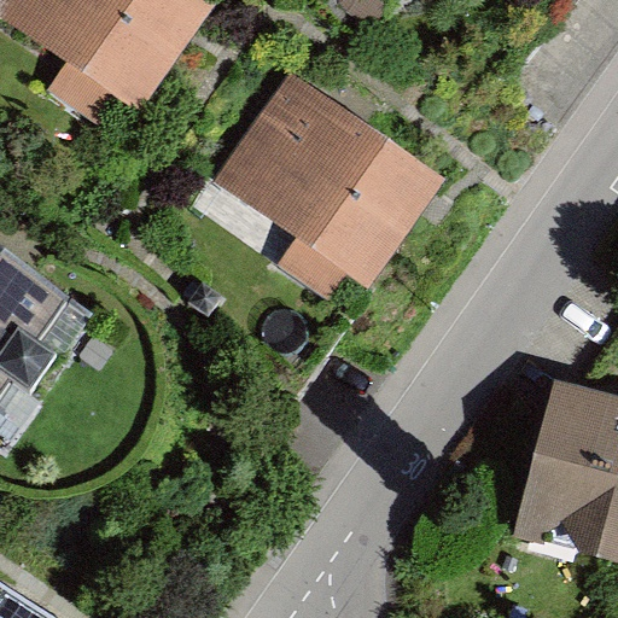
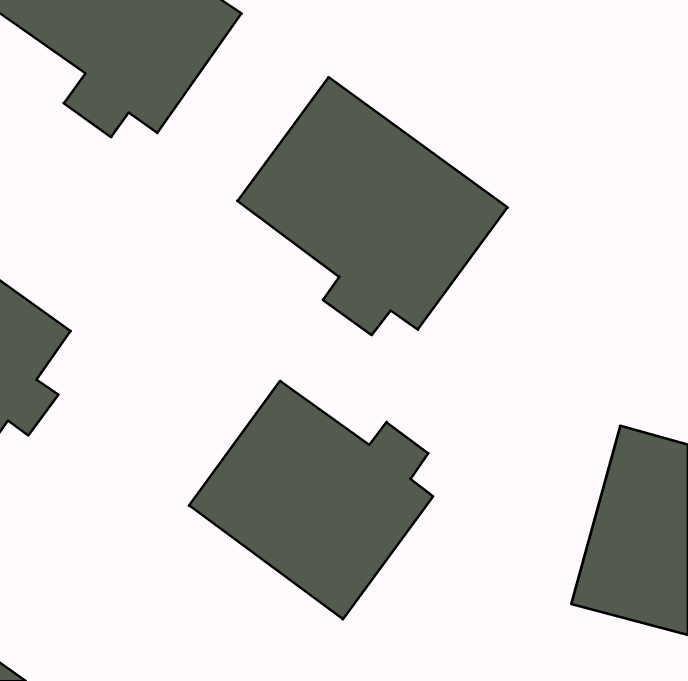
building: none -> [189,381,433,619]

